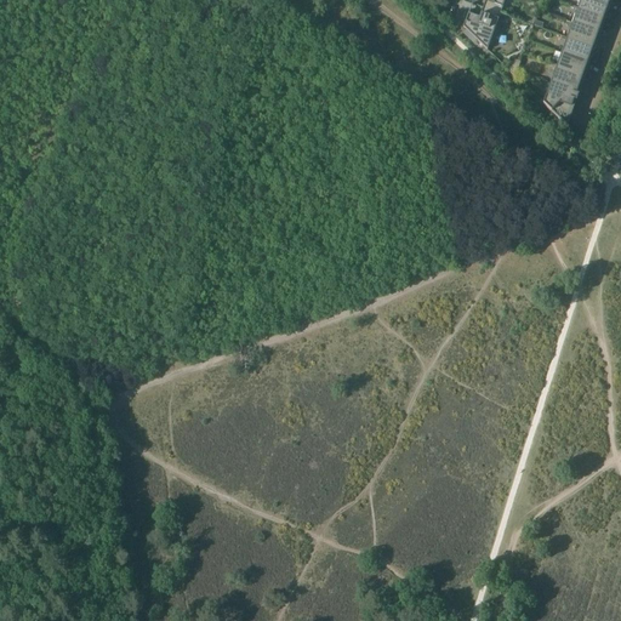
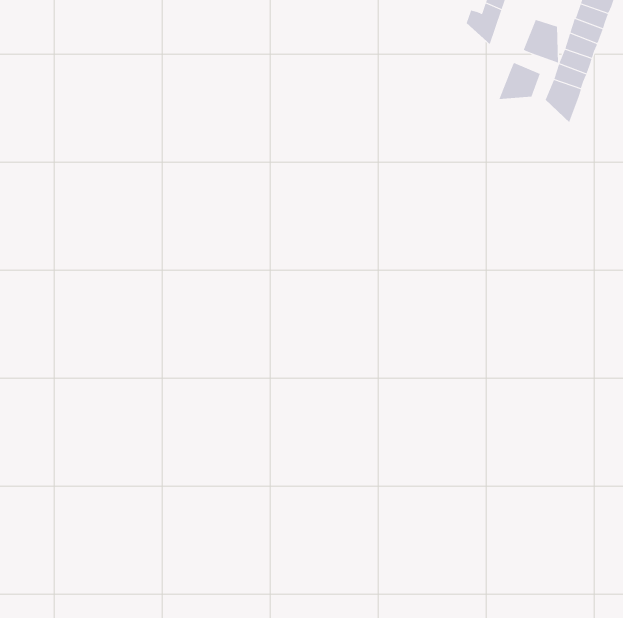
building: none -> [523,19,558,63]
building: none -> [499,62,540,100]

